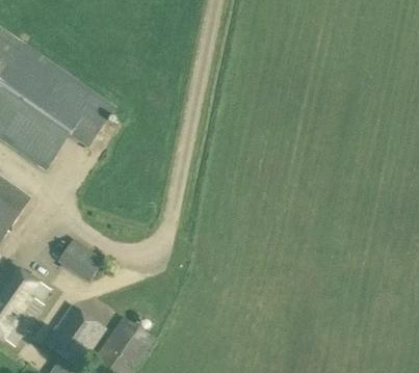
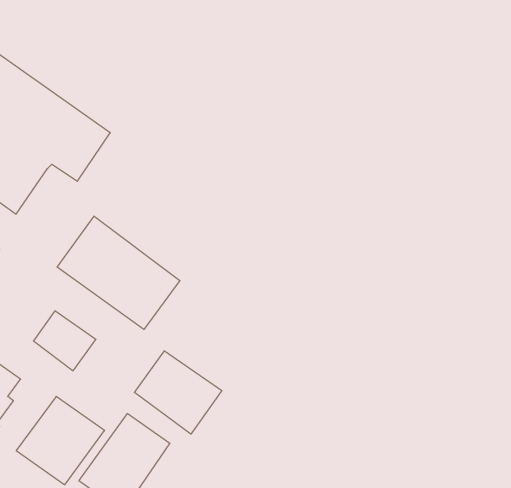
building: none -> [57,216,180,329]
building: none -> [134,351,222,434]

